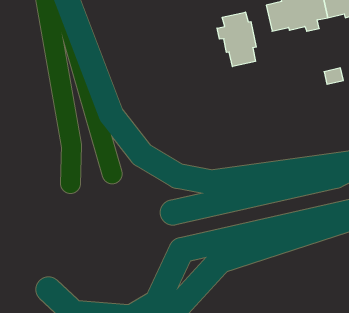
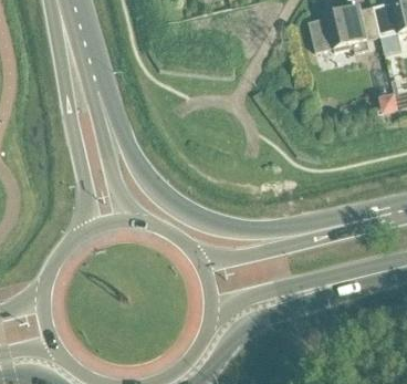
building: [217,12,256,67] -> none

